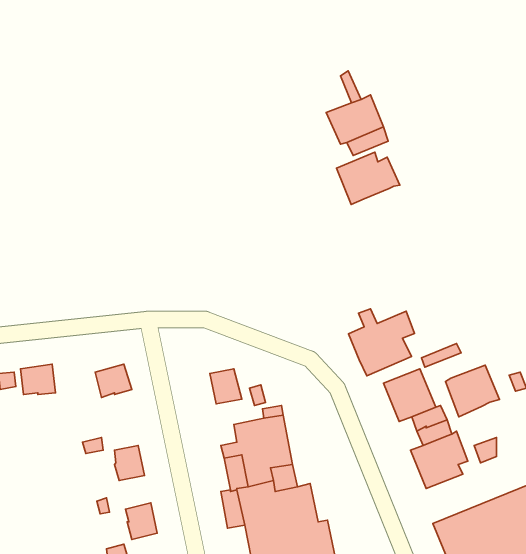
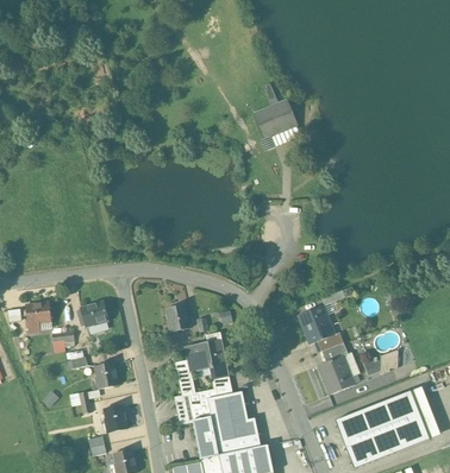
building: [337,152,400,205] -> none
building: [348,309,414,376] -> none
building: [445,365,499,417] -> none

